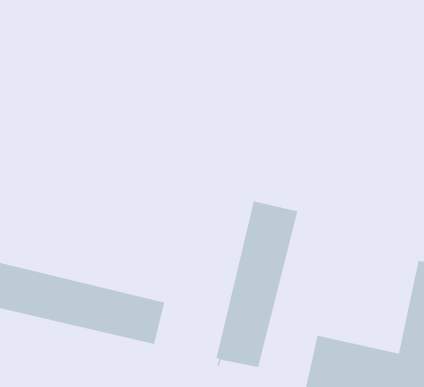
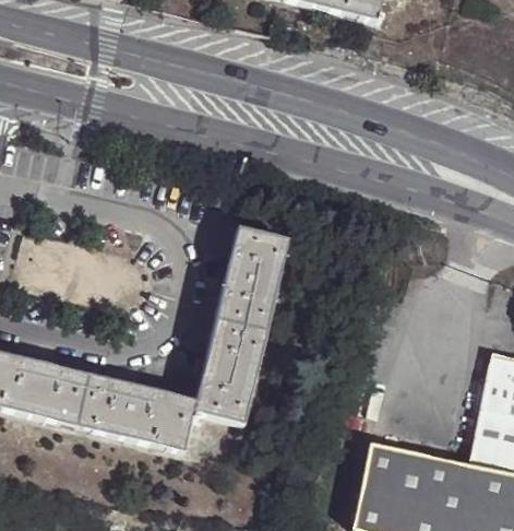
building: [216,201,298,368] -> [194,227,290,422]

